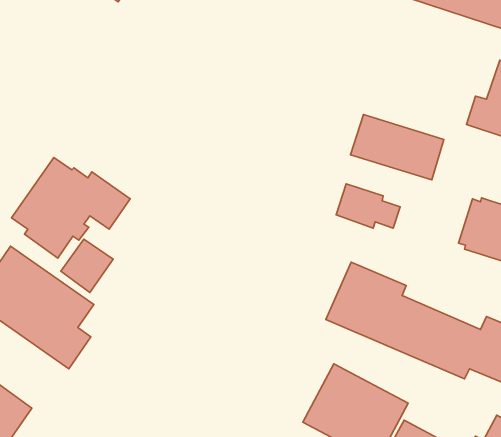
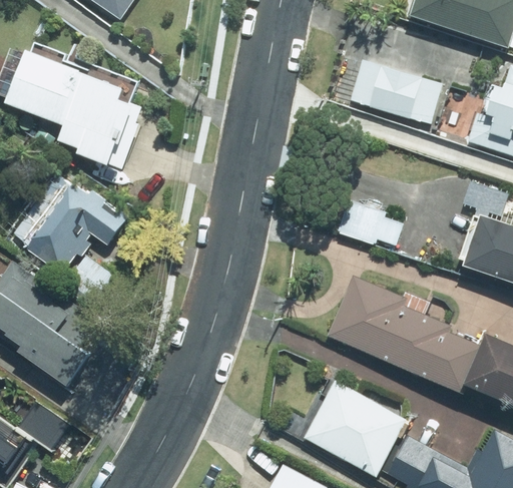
building: none -> [9,48,144,168]
building: [351,115,444,180] -> [349,60,442,125]

